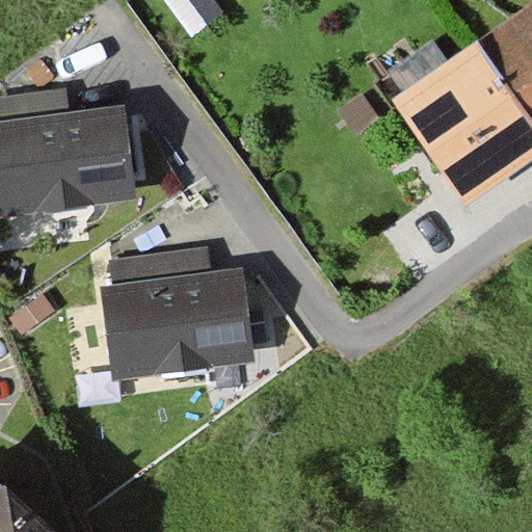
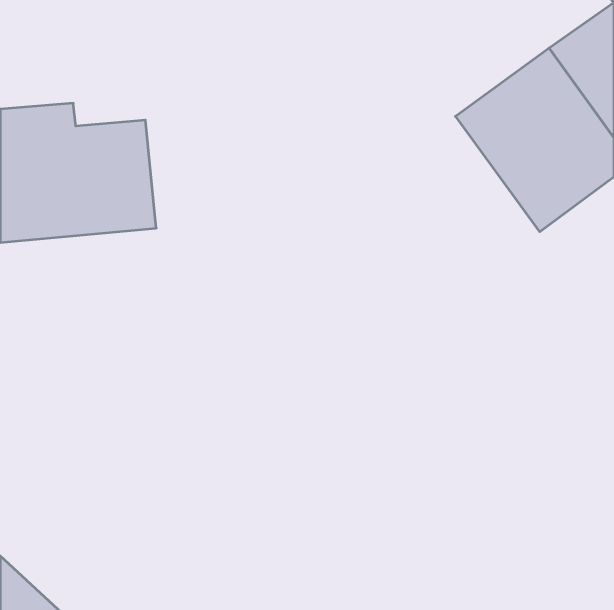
building: [105,249,251,376] -> none

